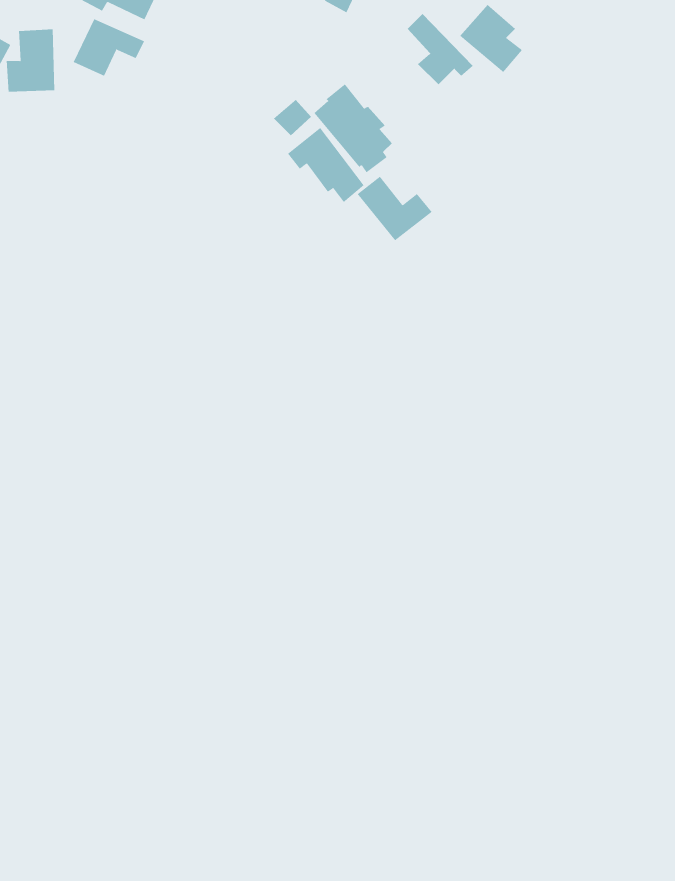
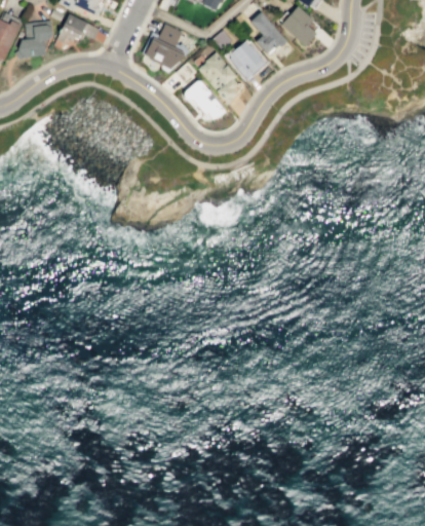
building: none -> [146,24,187,68]
building: none -> [225,43,263,80]
building: [357,176,432,241] -> none

